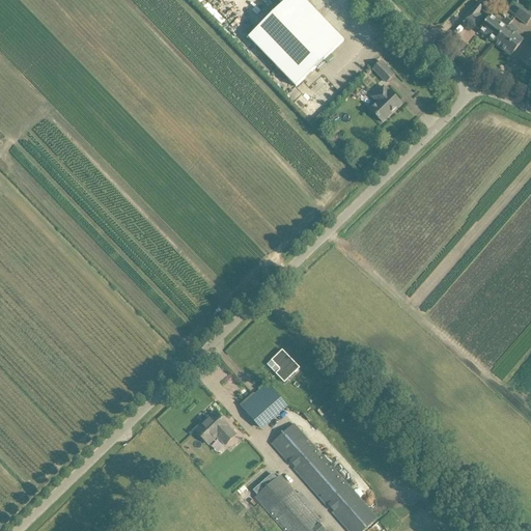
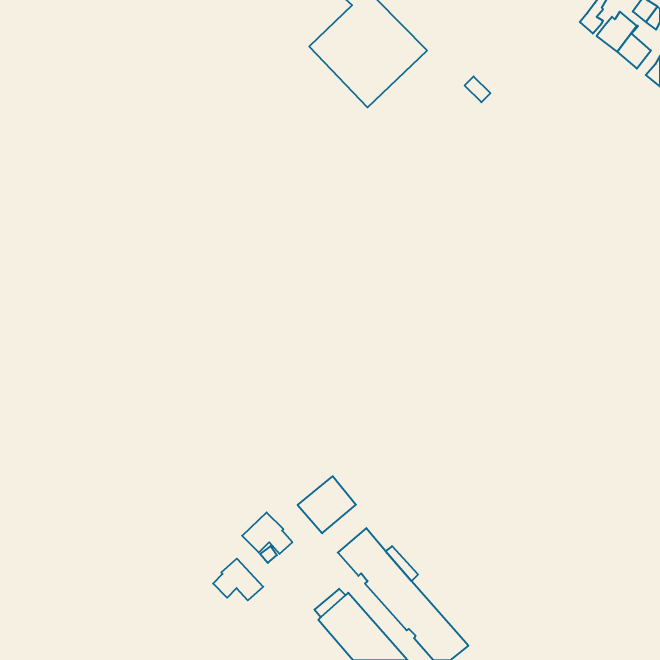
building: [369,86,400,121] -> none
building: [271,350,299,382] -> none
building: none -> [213,559,263,600]

